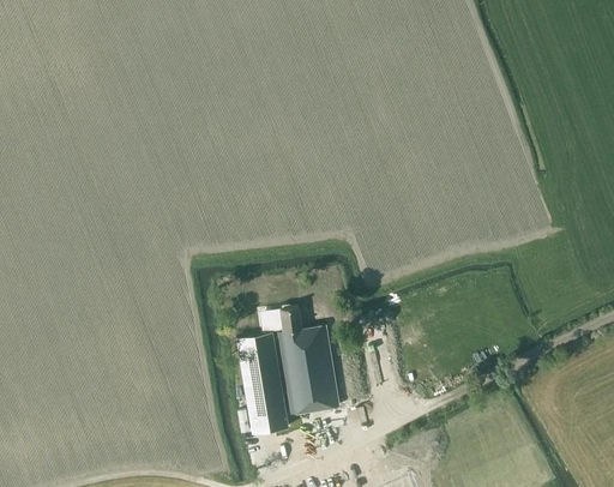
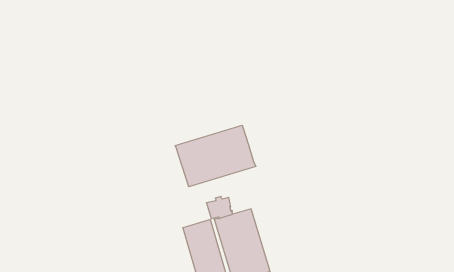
building: none -> [175,125,256,187]

